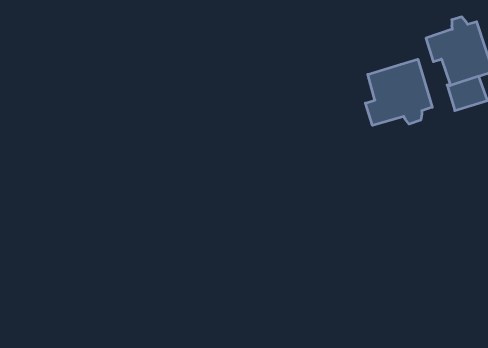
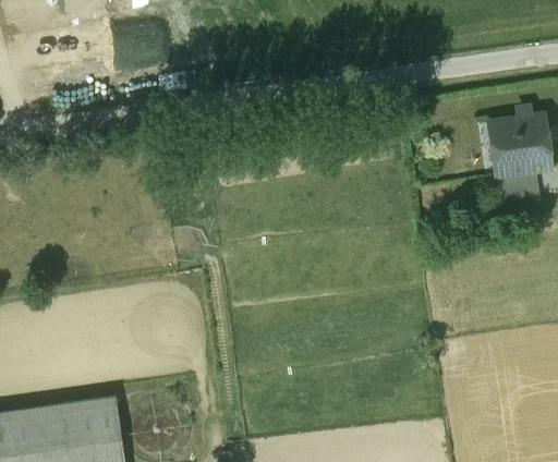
building: [365,59,432,125] -> none

